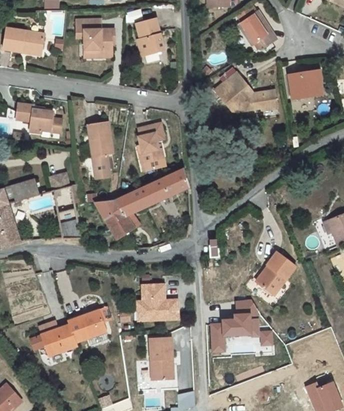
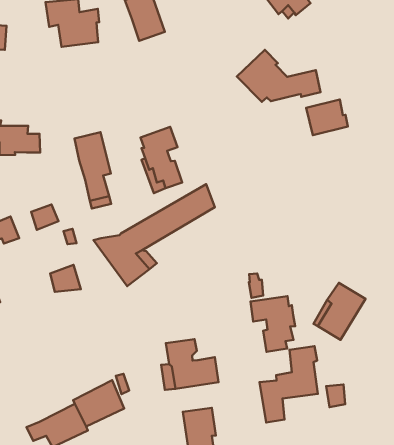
building: [290,72,320,97] -> [306,99,348,135]
building: none -> [250,296,295,352]

